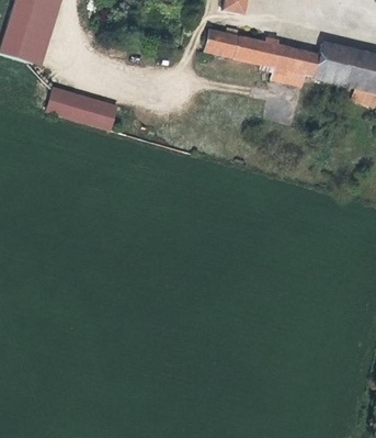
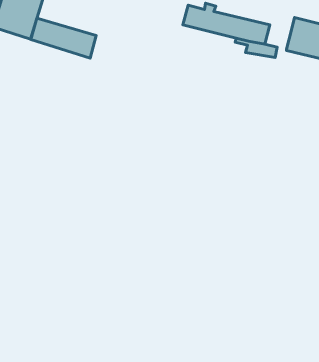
building: [292,49,320,76] -> none
building: [47,87,117,130] -> [31,18,96,58]

